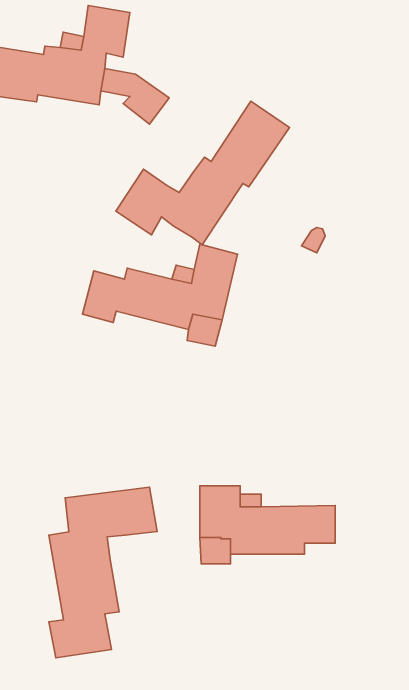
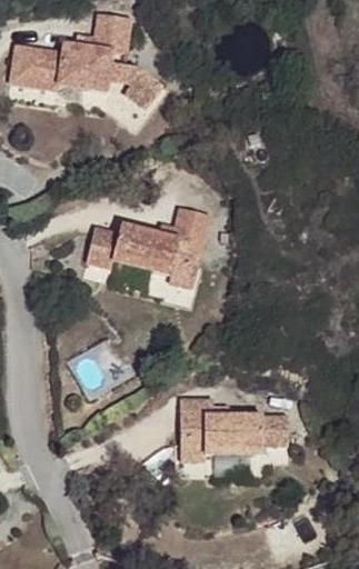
building: [116,101,289,245] -> none
building: [49,487,157,658] -> none

